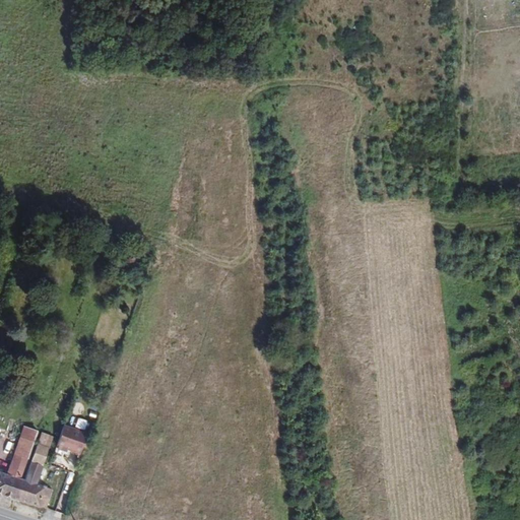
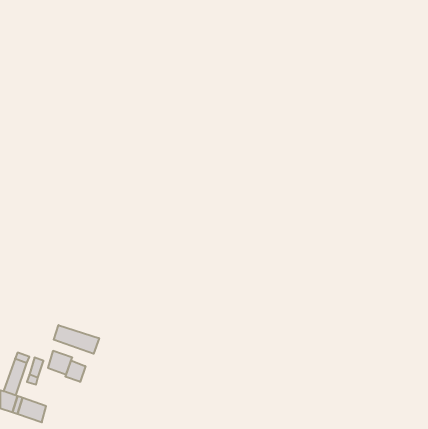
building: none -> [54,325,99,354]
building: none -> [65,360,85,382]

